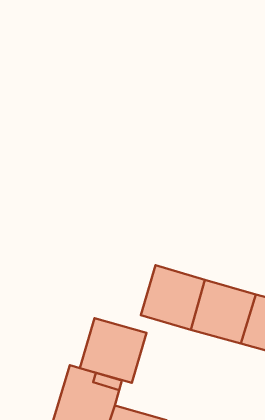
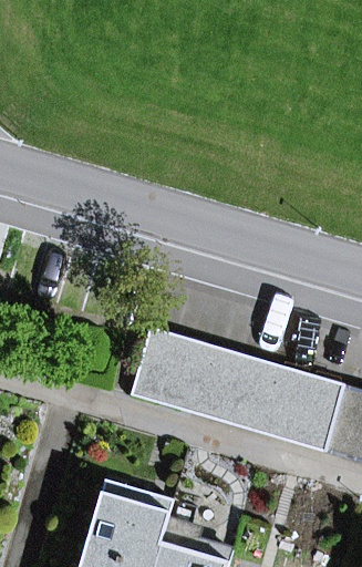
building: [80,318,146,383] -> [132,331,217,414]

